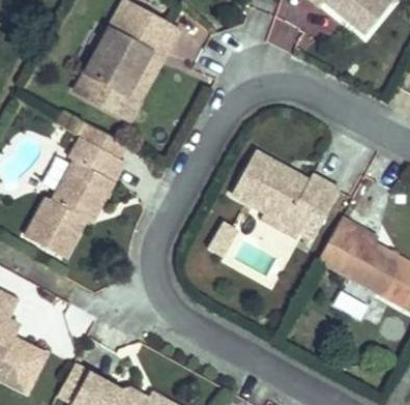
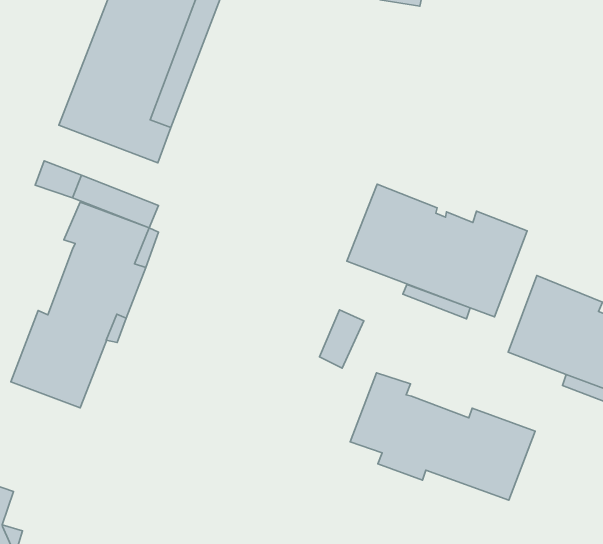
building: none -> [350,373,535,500]

